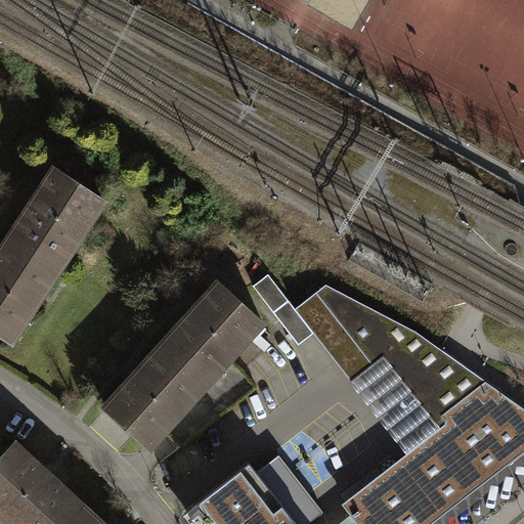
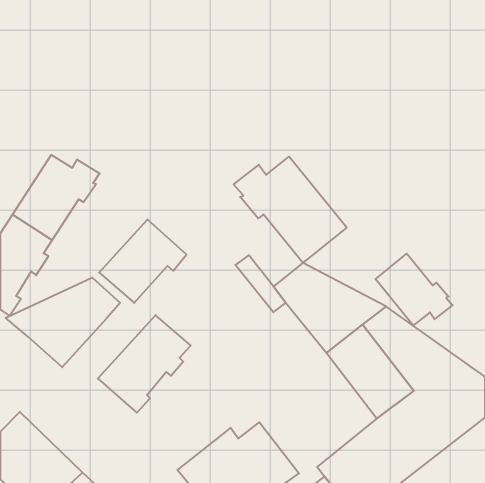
building: none -> [234,157,347,263]
building: none -> [375,254,453,326]
building: [168,285,262,375] -> [99,219,186,303]
building: none -> [6,278,120,367]

